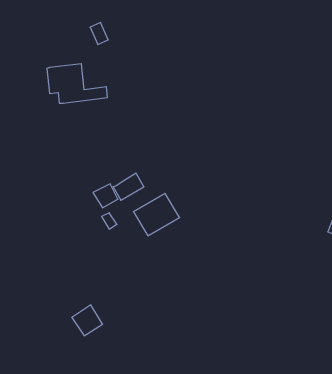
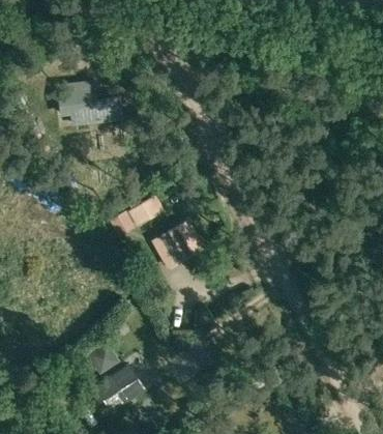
building: none -> [91,364,142,408]

